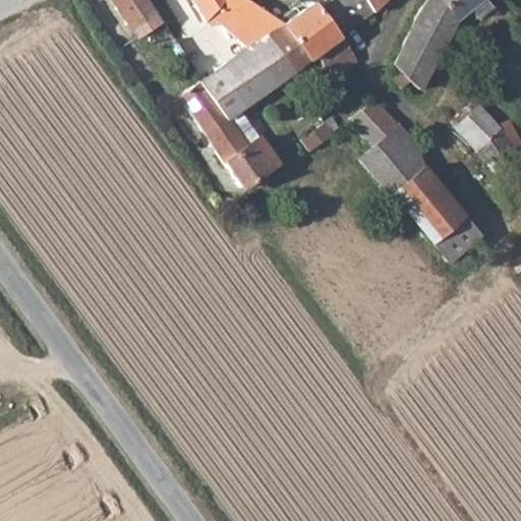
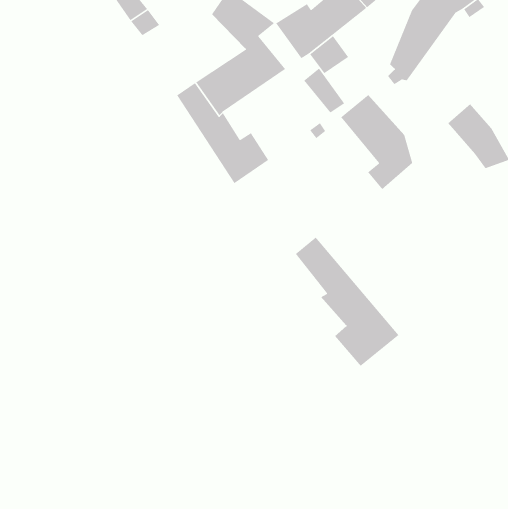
building: [267,23,309,70] -> [303,67,345,113]
building: [392,166,482,262] -> none
building: none -> [295,237,400,367]

